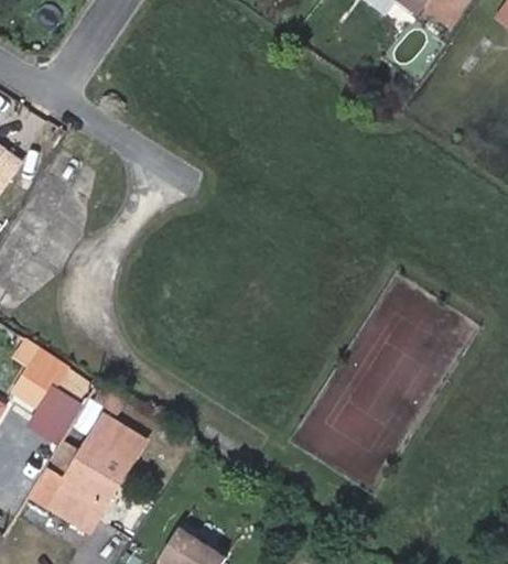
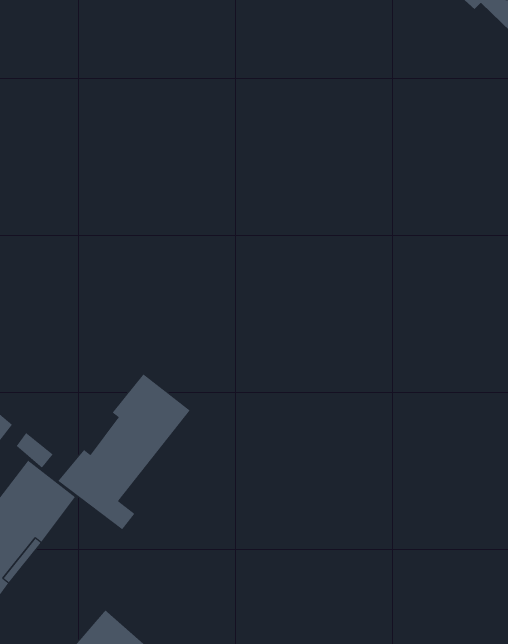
building: none -> [58,374,191,530]

